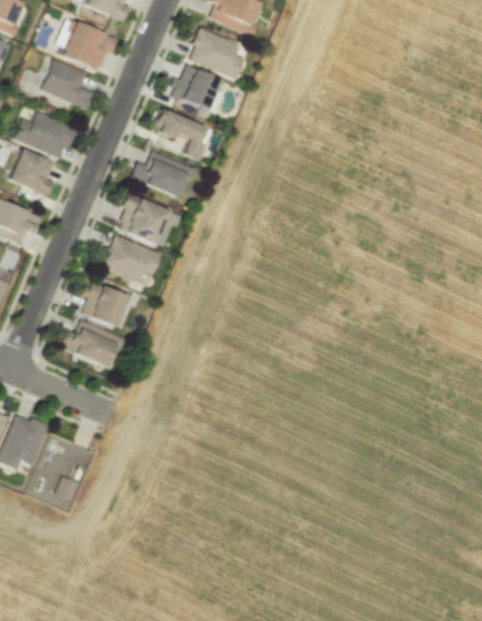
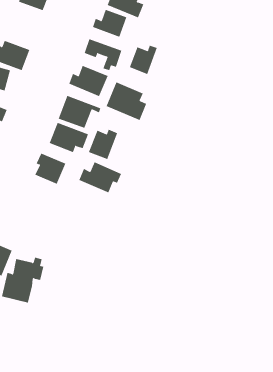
building: [41,58,93,108] -> none
building: none -> [129,45,158,75]
building: none -> [106,82,147,121]
building: none -> [88,129,118,160]
building: [61,320,125,368] -> [79,162,122,193]

